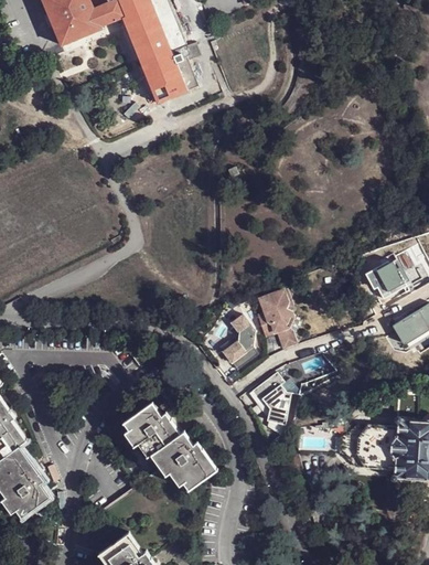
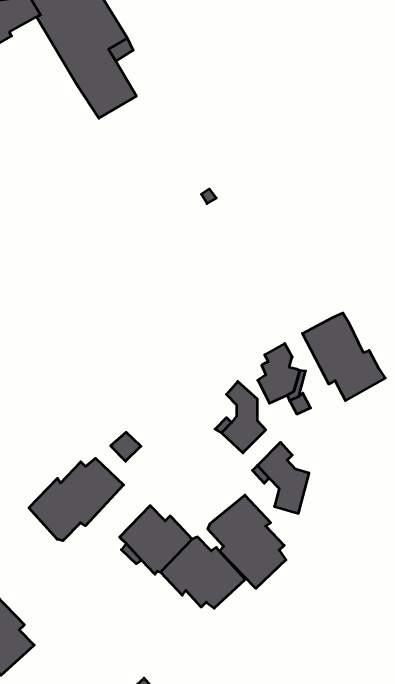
building: none -> [302,313,385,401]
building: none -> [29,458,124,541]
building: none -> [208,495,286,588]

